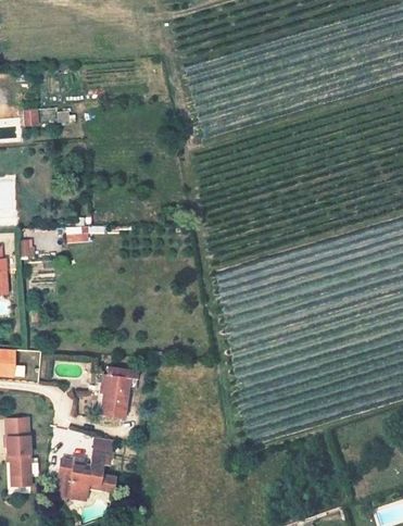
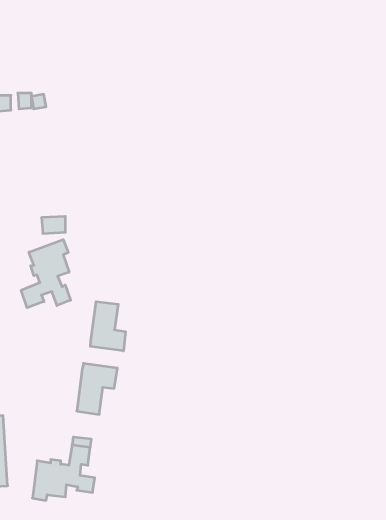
building: none -> [21,240,71,308]
building: none -> [90,302,125,351]

